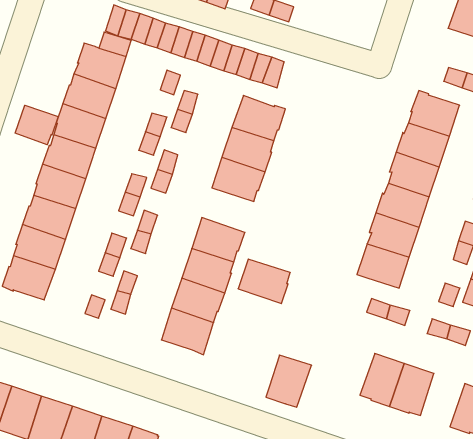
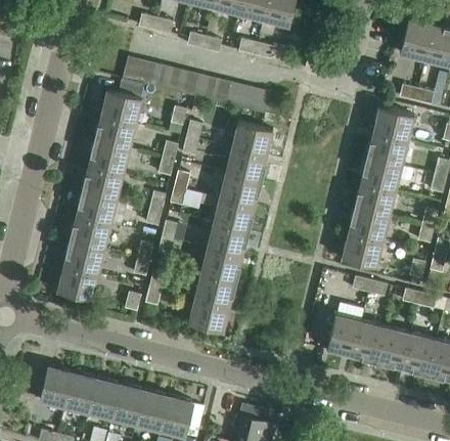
building: [15,105,58,145] -> none
building: [238,259,290,304] -> [213,197,254,231]
building: [266,355,312,407] -> [326,314,361,355]
building: none -> [402,333,436,374]

